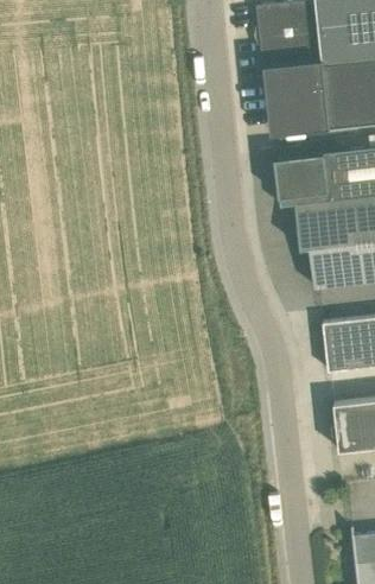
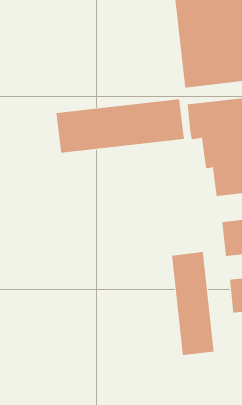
building: none -> [56,99,184,153]
building: none -> [172,251,214,356]

